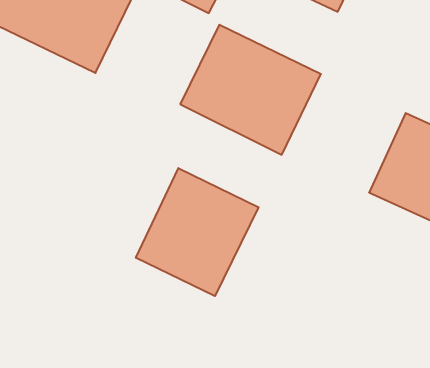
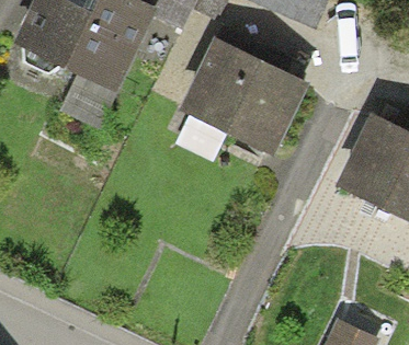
building: [136,168,258,296] -> none

